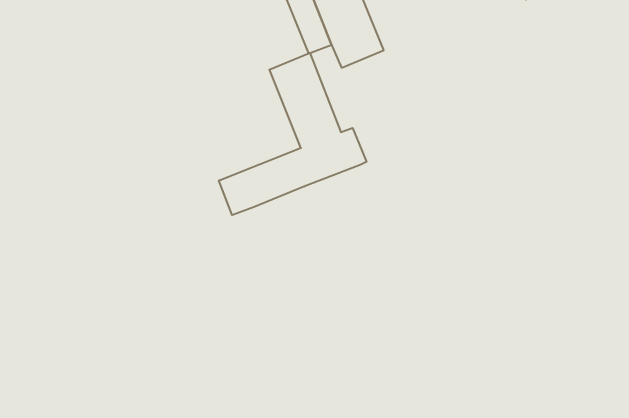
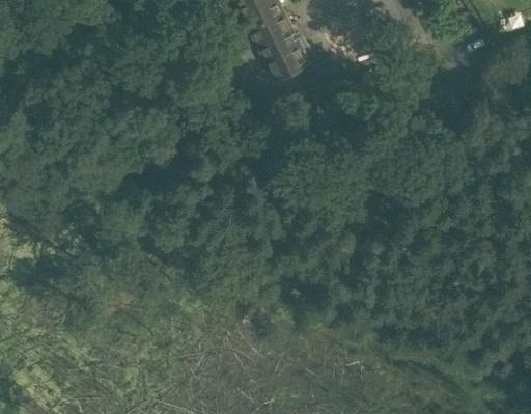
building: [219,53,366,215] -> none

